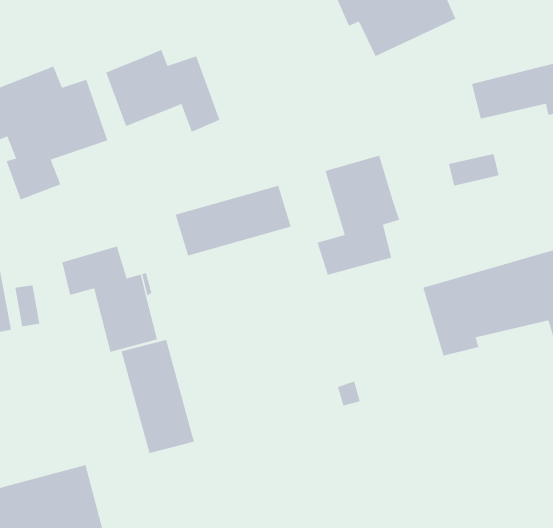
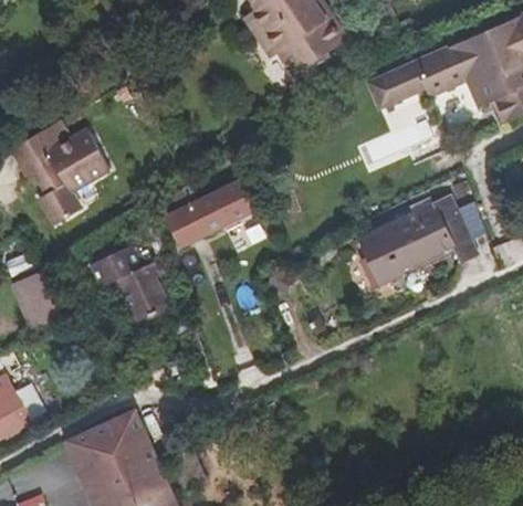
building: [105,49,220,132] -> none
building: [317,155,400,275] -> none
building: [121,339,195,454] -> none

